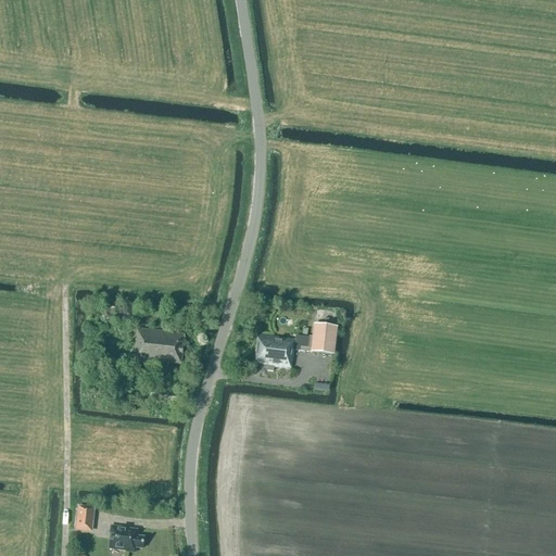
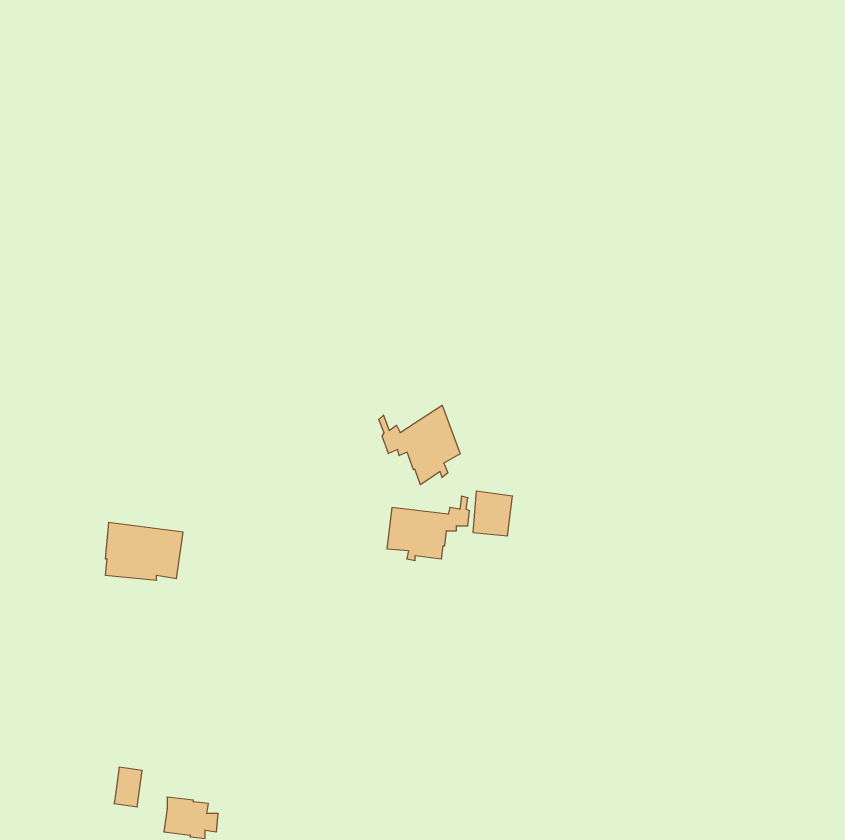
building: none -> [379,405,460,485]
building: [134,326,185,364] -> [105,522,183,580]

